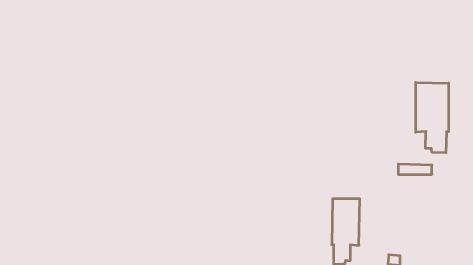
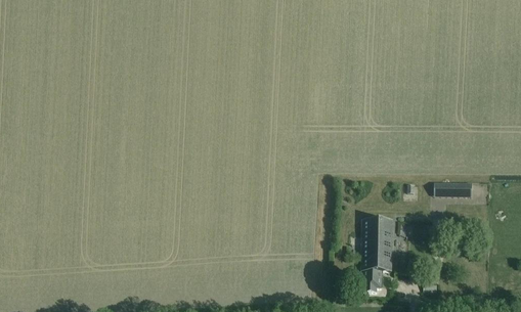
building: [416,82,449,153] -> none

